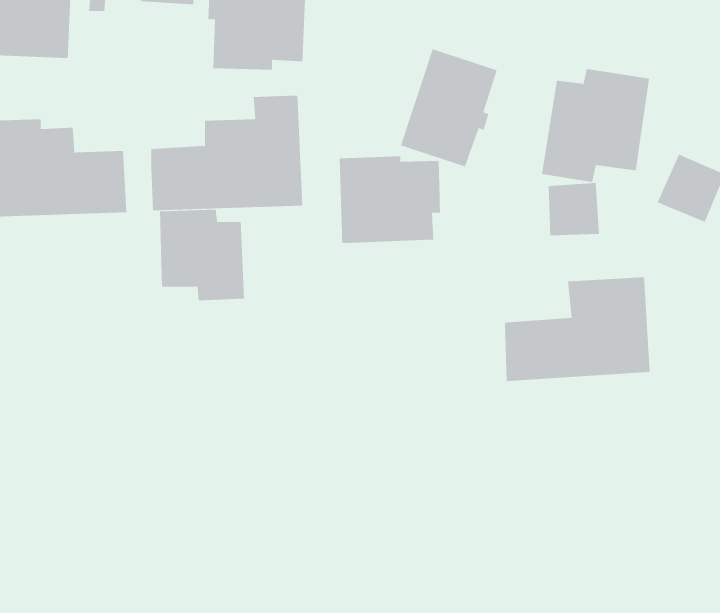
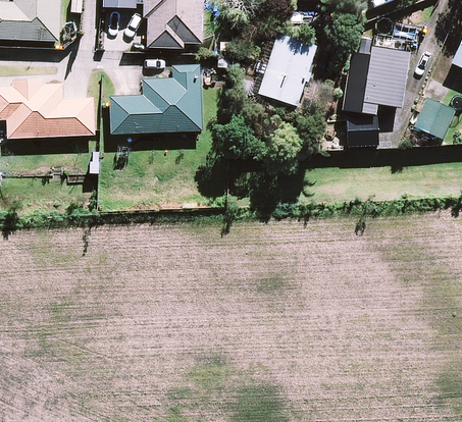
building: [339,155,441,244] -> none
building: [160,209,245,301] -> none
building: [502,277,650,382] -> none

